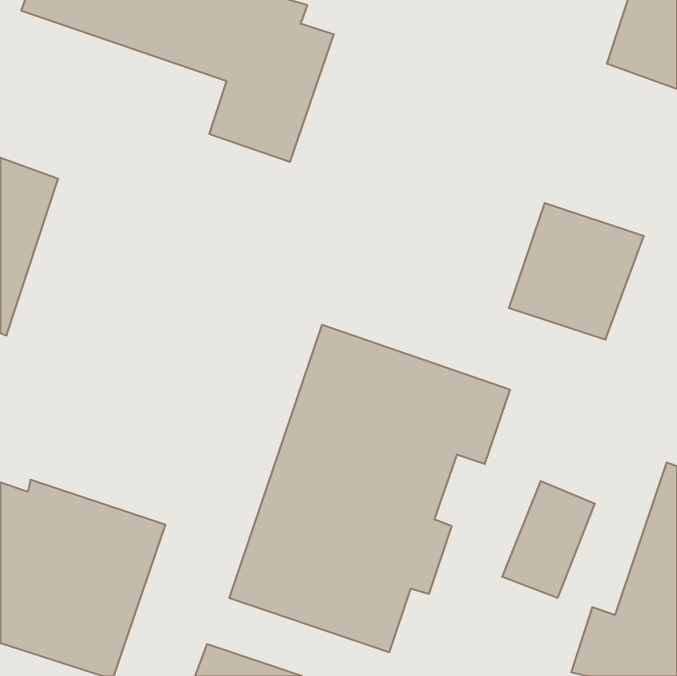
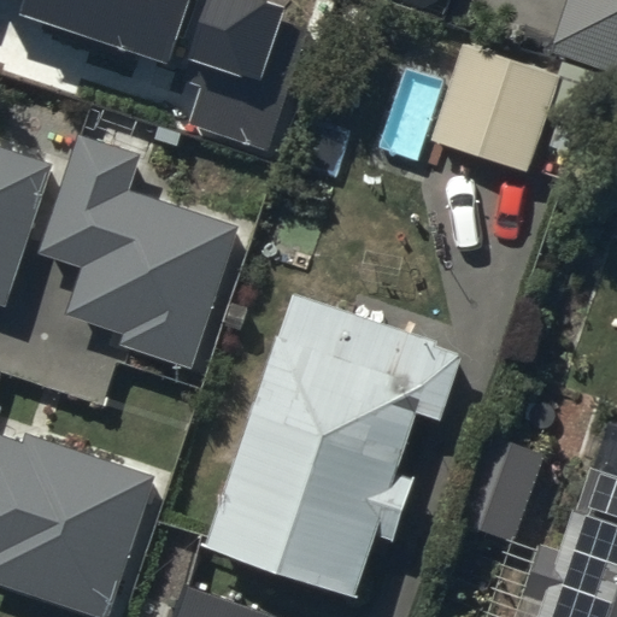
building: none -> [41,136,237,365]
building: [509,203,644,340] -> [433,55,556,180]

